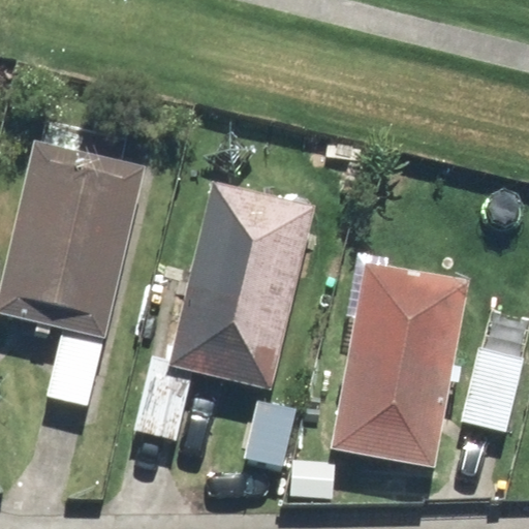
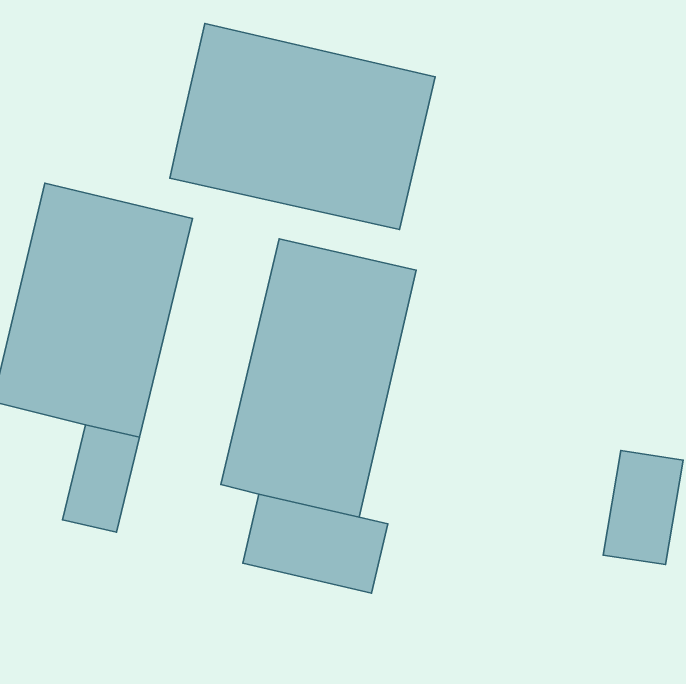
building: none -> [170,24,435,229]
building: [331,266,463,464] -> none

